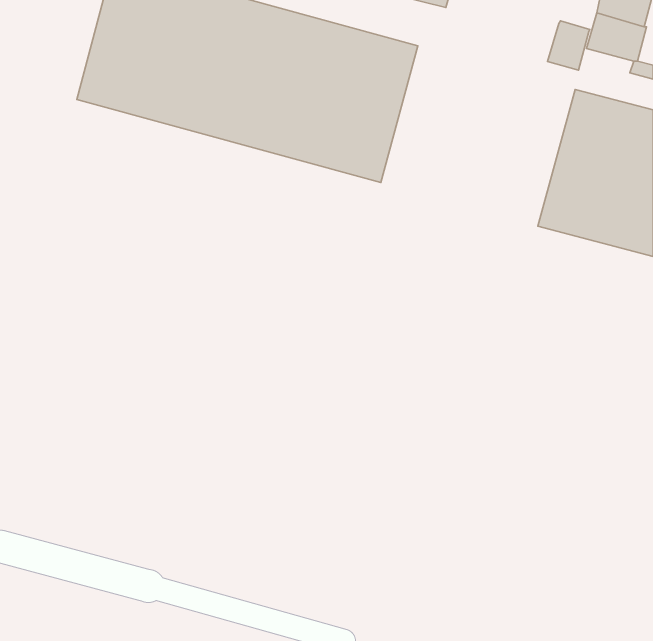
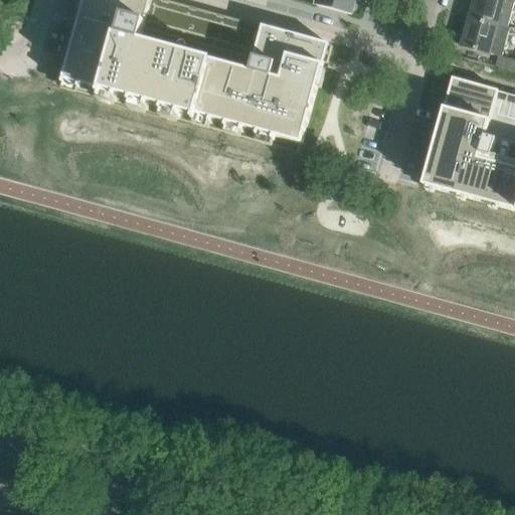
building: [548,21,590,70] -> none

